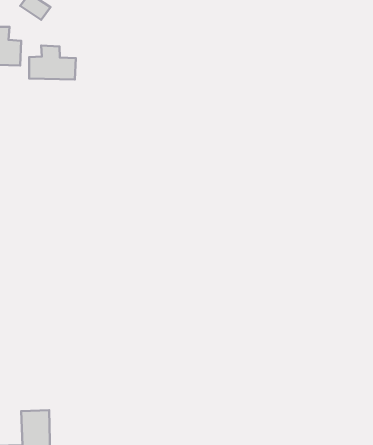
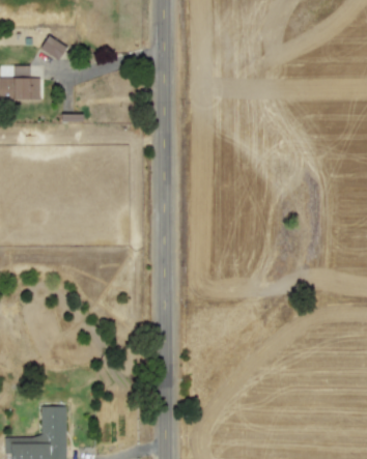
building: [29,45,76,80] -> none

